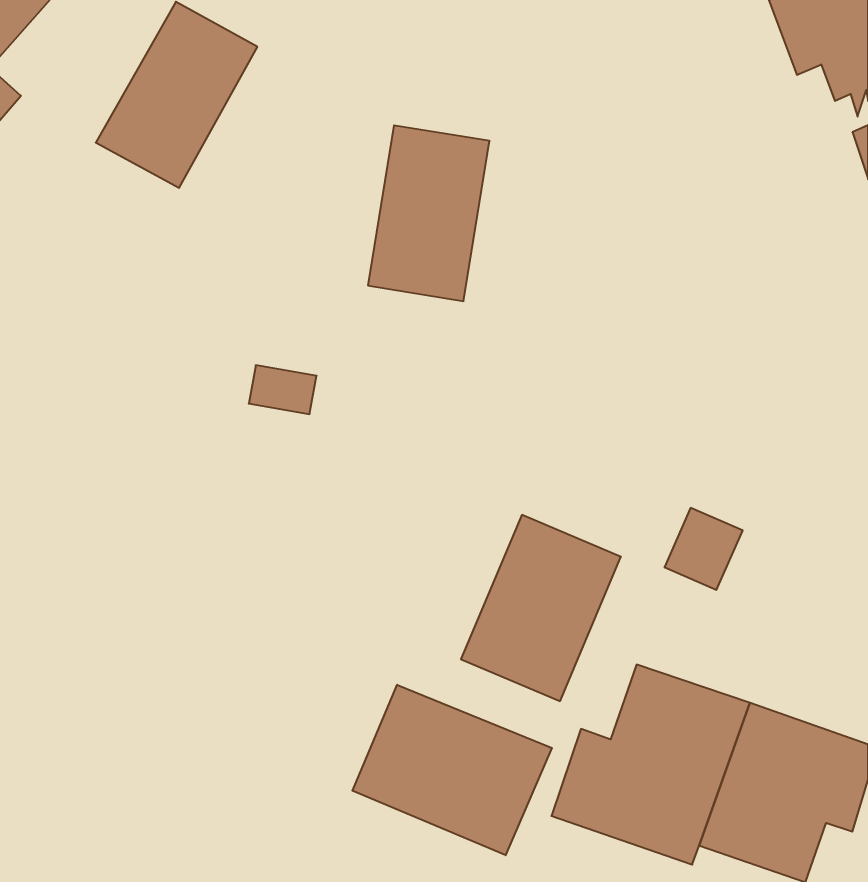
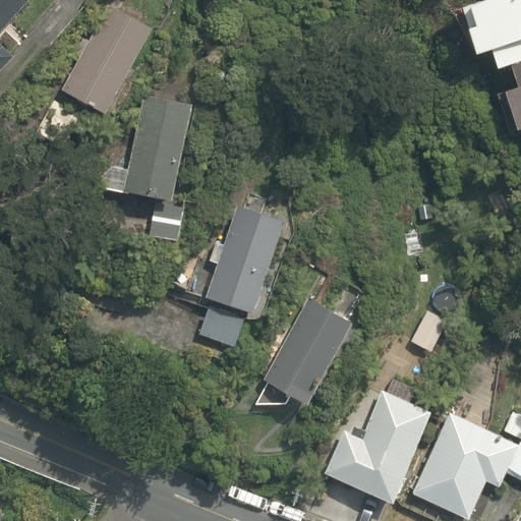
building: [368,125,490,301] -> [126,97,197,199]
building: none -> [197,207,294,357]
building: [352,685,552,855] -> none

